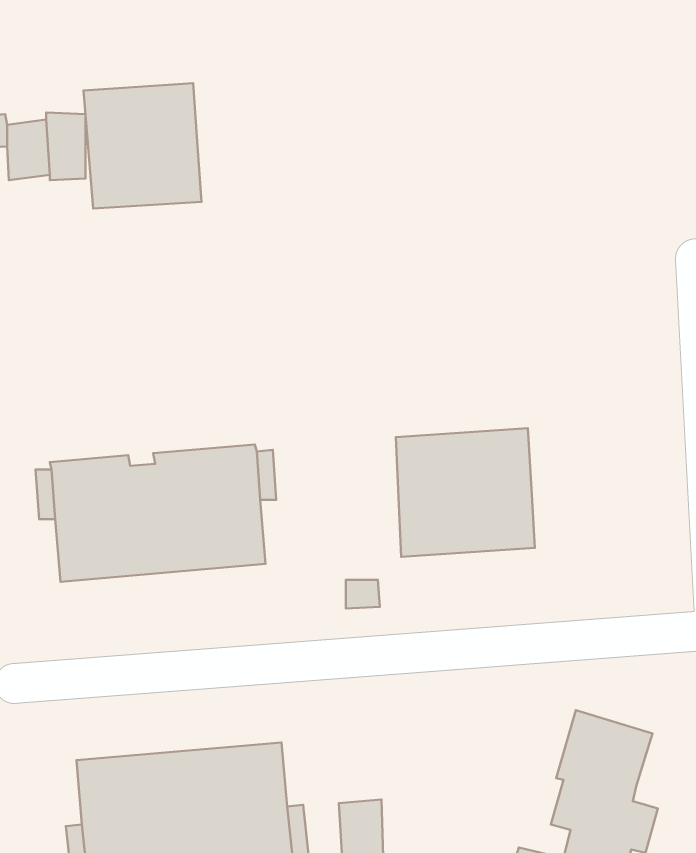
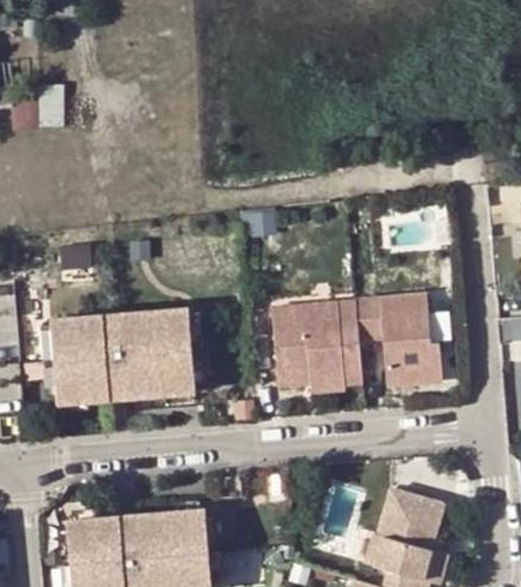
building: [84,83,201,209] -> none
building: none -> [360,294,447,387]

